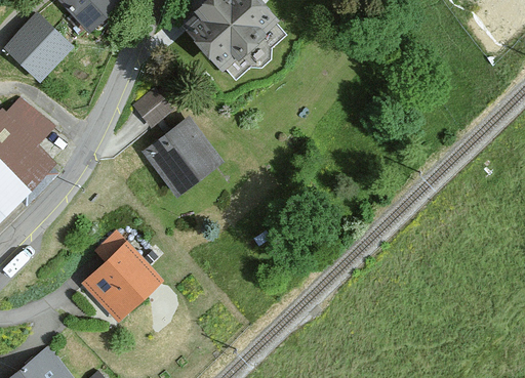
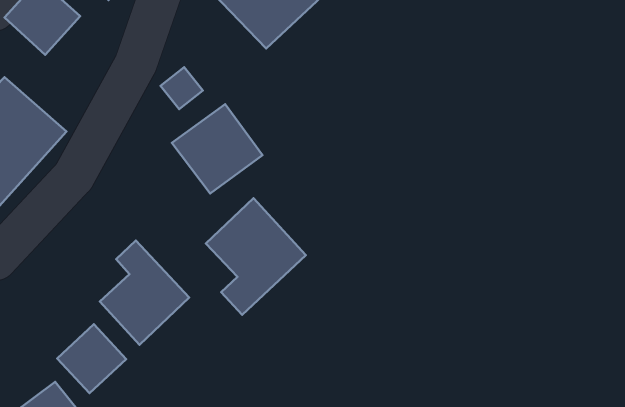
building: none -> [206,198,306,315]
building: none -> [57,324,126,393]

